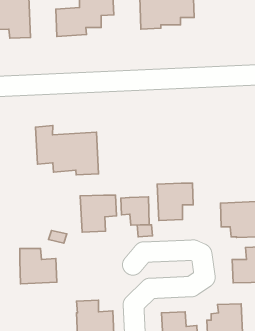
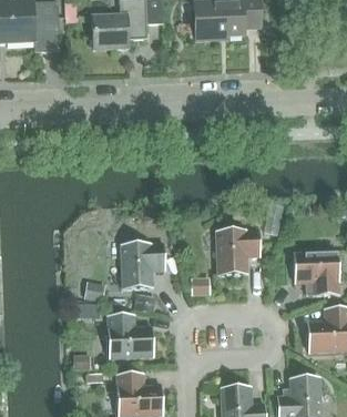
building: [36,126,99,175] -> none
building: [121,197,149,225] -> none
building: [20,249,57,284] -> [108,314,153,357]

